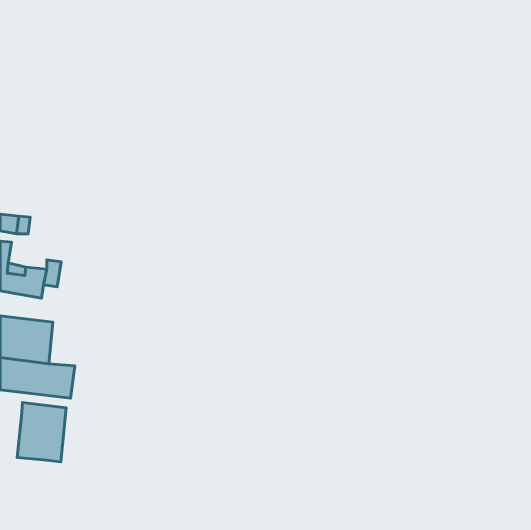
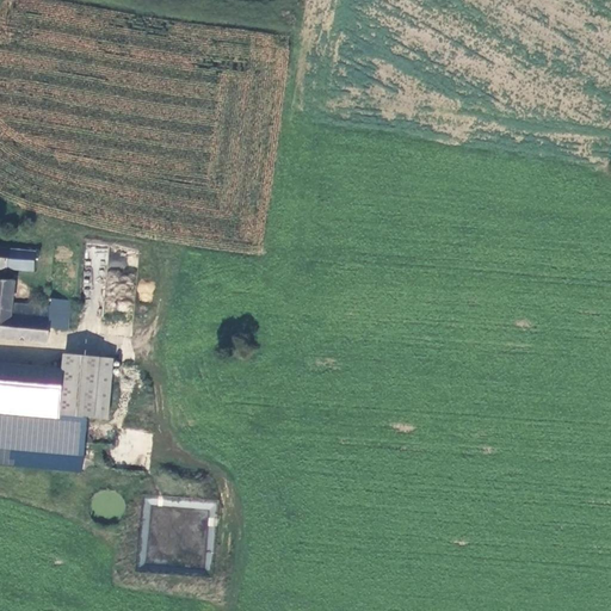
building: [17,403,66,462] -> [56,356,112,424]

